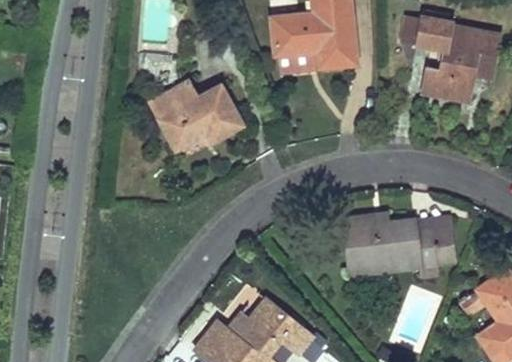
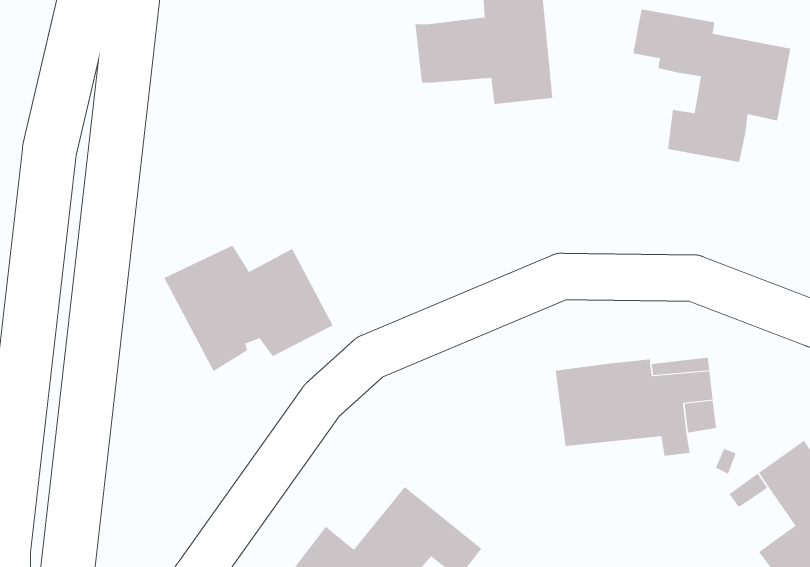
building: [152,71,255,148] -> [164,245,334,372]
building: [343,217,385,277] -> none

